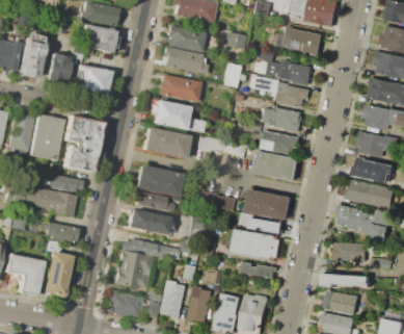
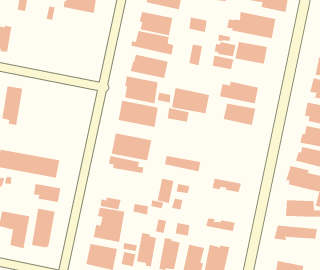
building: [80,24,117,53] -> none
building: [18,34,46,77] -> none
building: [47,53,71,81] -> none
building: [76,63,110,94] -> none
building: [272,82,312,107] -> none
building: [30,113,62,160] -> none
building: [64,117,102,172] -> none
building: [255,150,300,180] -> [171,88,210,114]
building: [43,174,82,192] -> none
building: [246,187,293,219] -> none
building: [127,209,171,236] -> none
building: [232,228,282,259] -> none
building: [325,289,361,314] -> none

